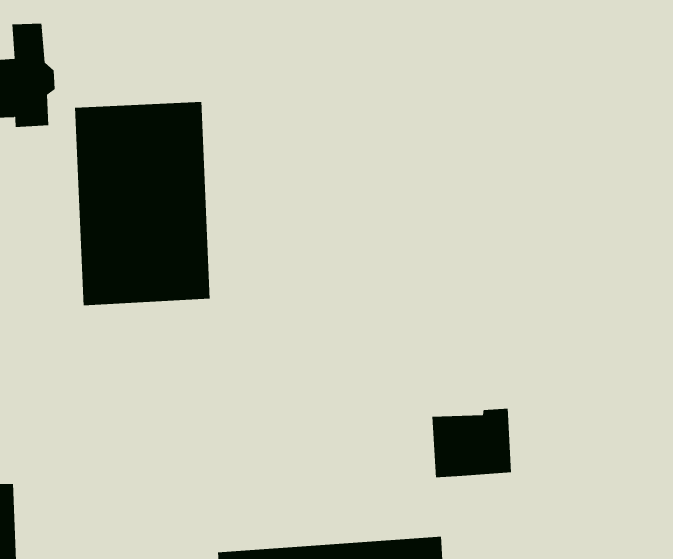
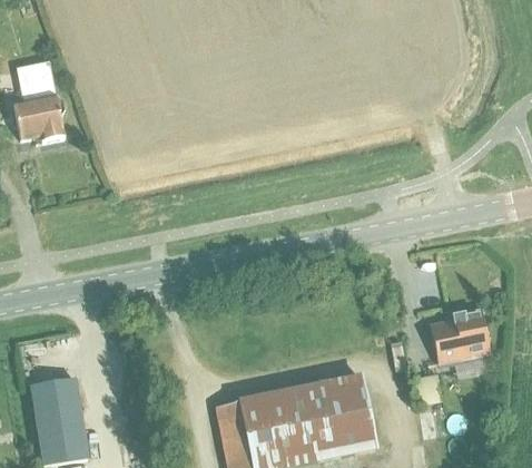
building: [74,101,210,306] -> none
building: [431,408,512,478] -> [431,309,489,361]

